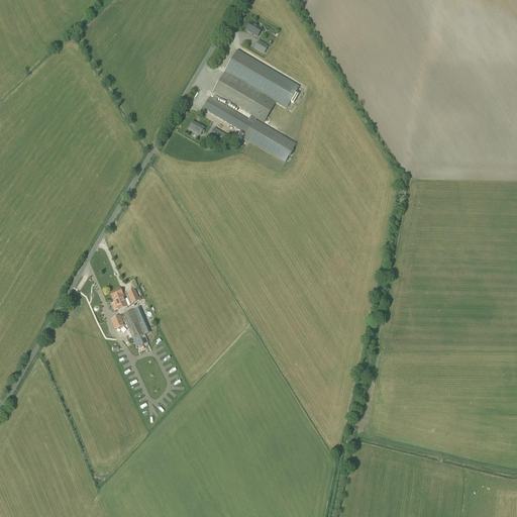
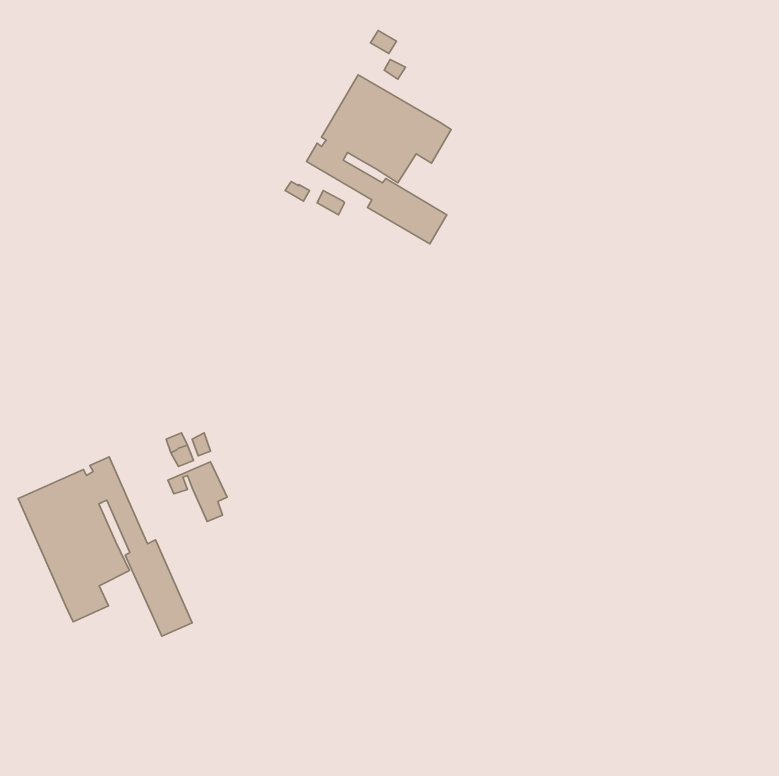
building: none -> [18,457,192,636]

